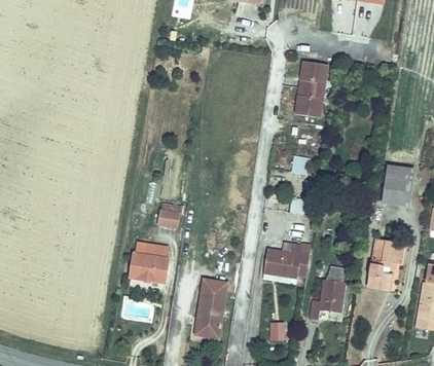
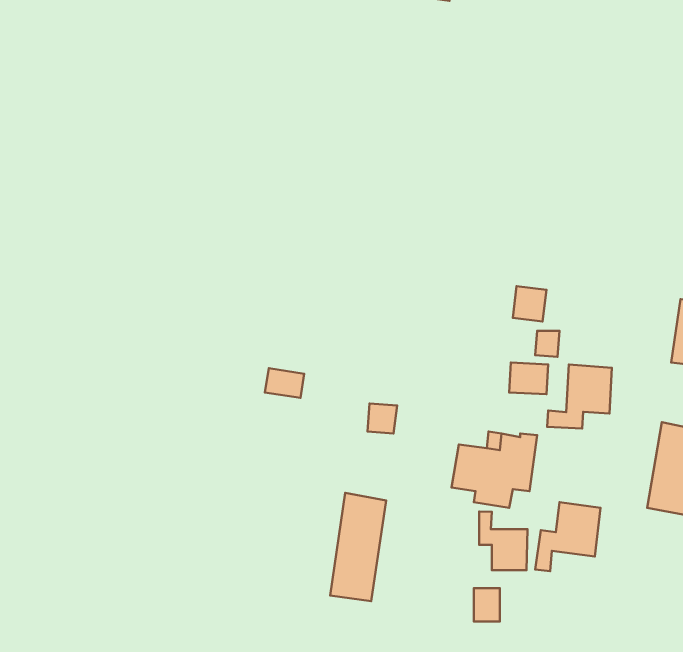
building: [293,59,325,117] -> none
building: none -> [547,365,612,428]
building: [130,237,169,279] -> none
building: none -> [479,512,527,570]

